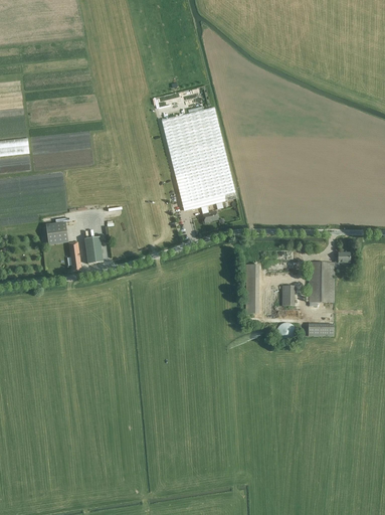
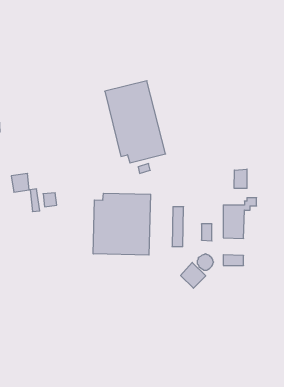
building: none -> [234,169,247,188]
building: none -> [93,193,151,255]
building: none -> [181,262,206,288]

